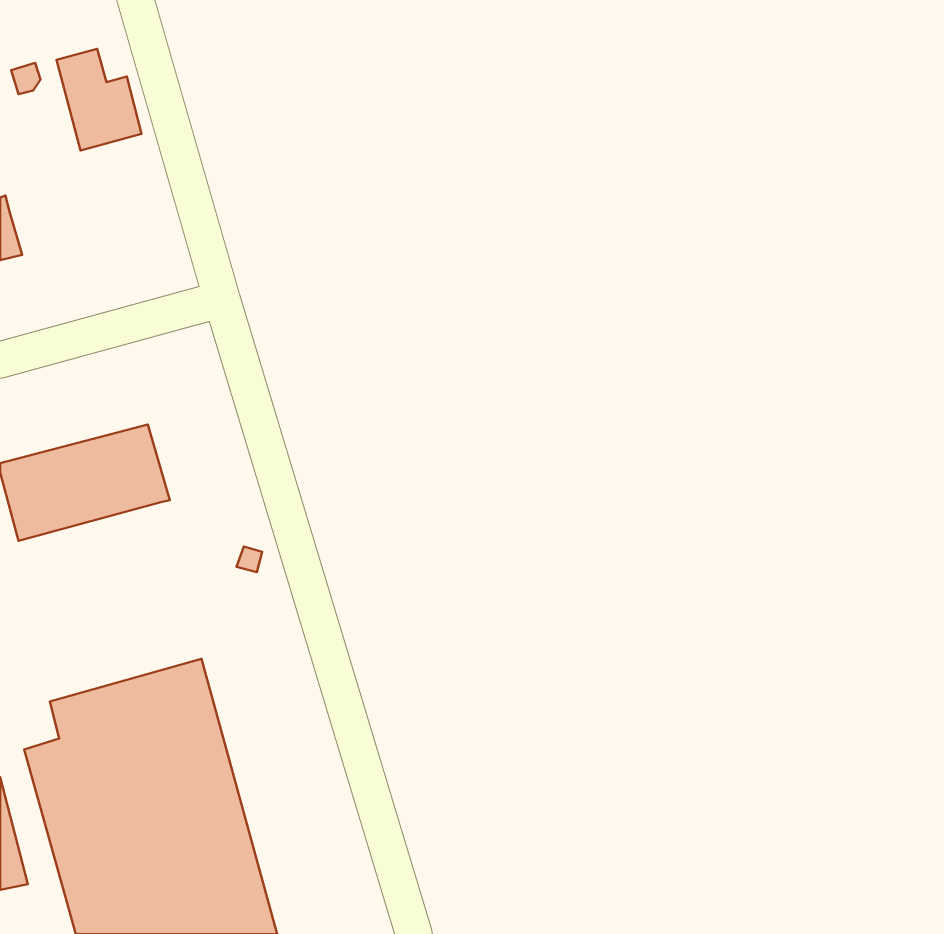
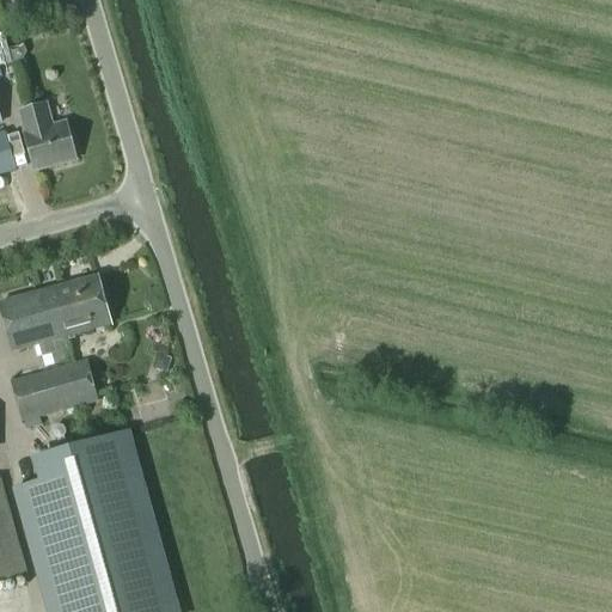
building: [57,49,142,150] -> [19,100,74,166]
building: none -> [5,361,92,421]

